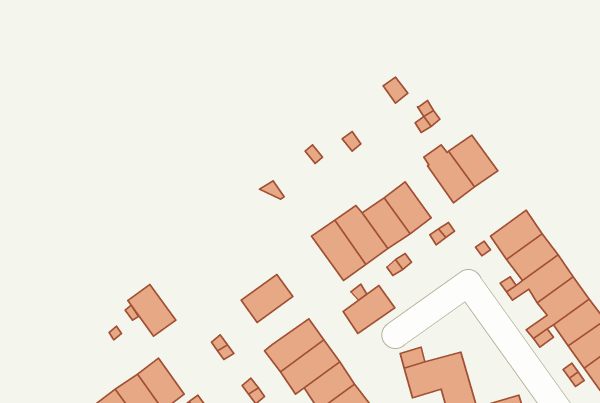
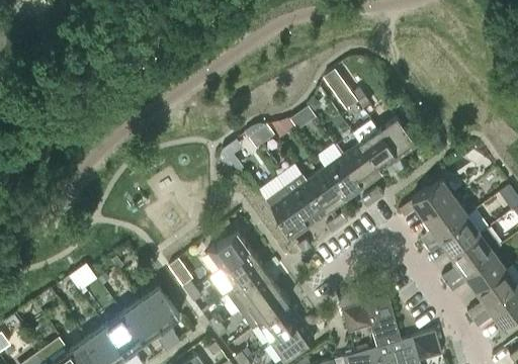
building: none -> [341,143,380,185]
building: [128,284,176,336] -> [139,287,178,330]
building: [343,286,395,334] -> [220,250,262,289]

